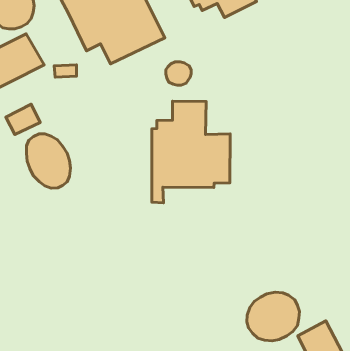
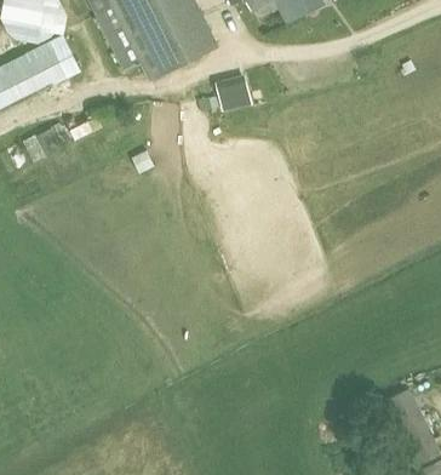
building: [152,101,230,203] -> none
building: [26,134,71,188] -> none
building: [247,292,299,341] -> none

